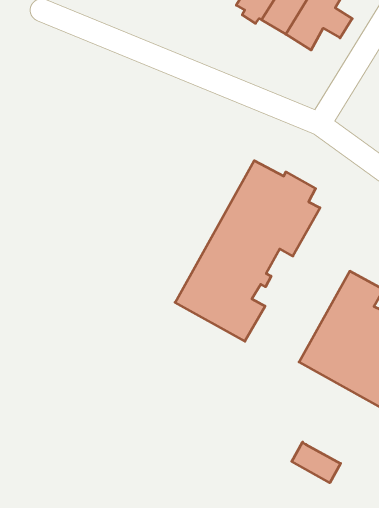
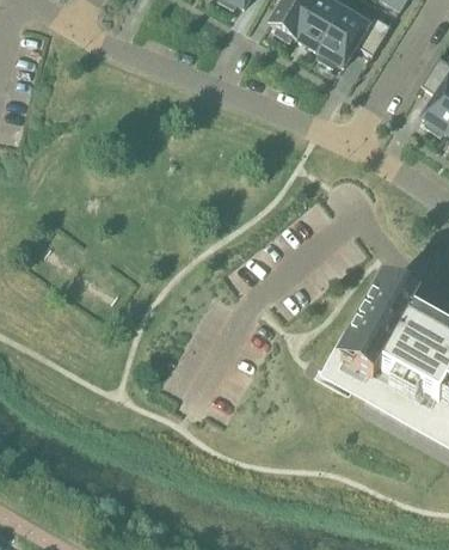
building: [175,161,320,341] -> none
building: [292,442,341,483] -> none

